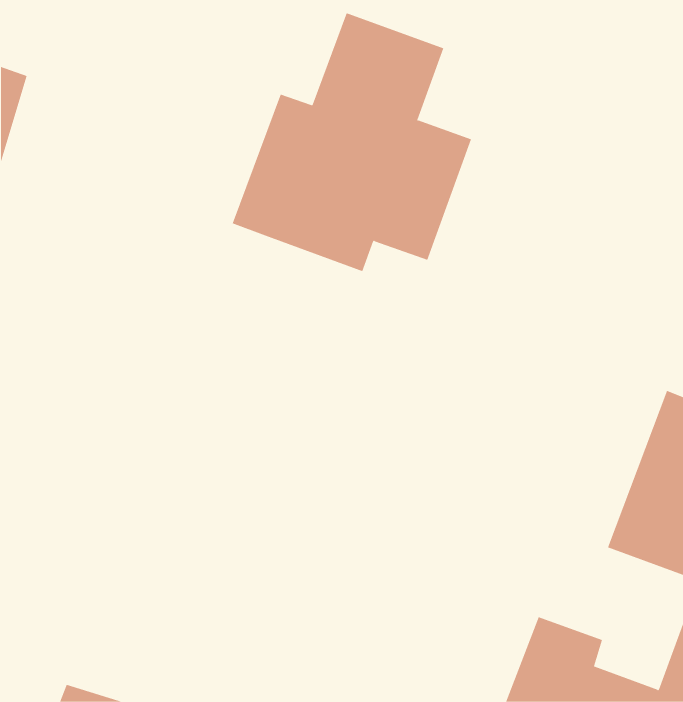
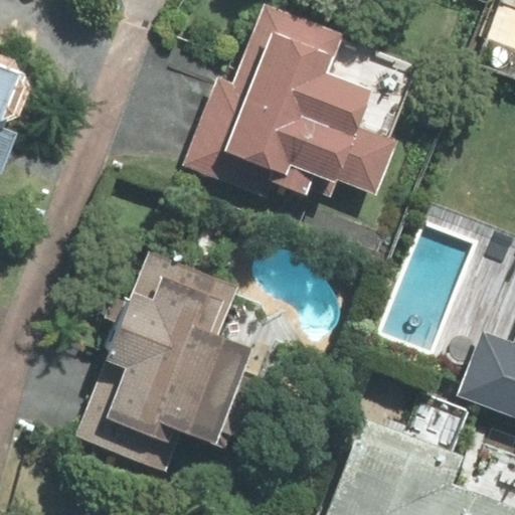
building: none -> [84,251,220,458]

